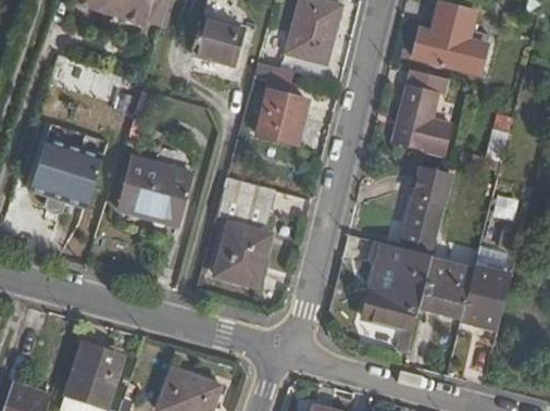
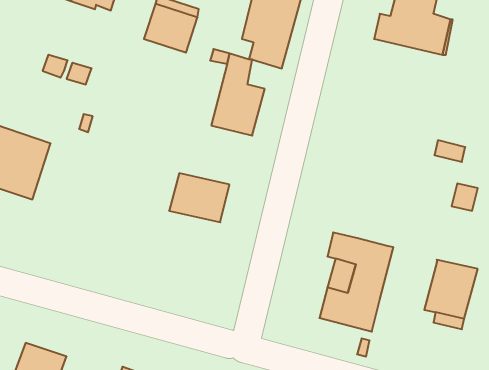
building: [391,67,450,153] -> none
building: [120,157,189,219] -> none
building: [397,167,447,252] -> none
building: [215,227,271,289] -> none
building: [418,257,473,313] -> none

